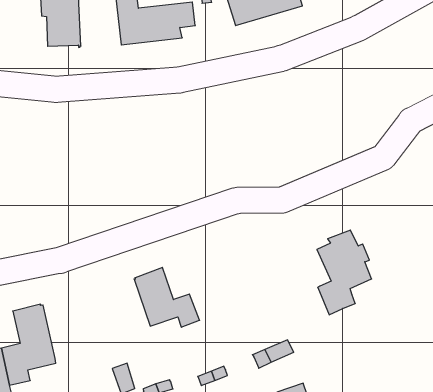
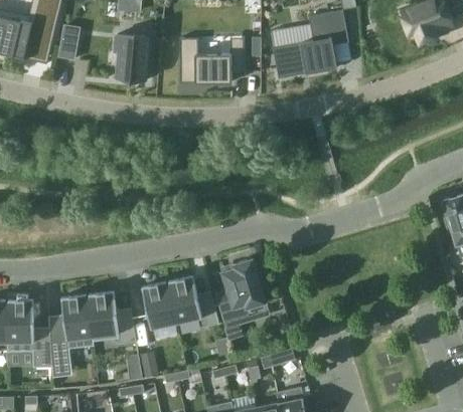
building: [317,230,372,315] -> [218,258,265,328]
building: none -> [141,280,176,328]
building: none -> [88,290,136,343]

